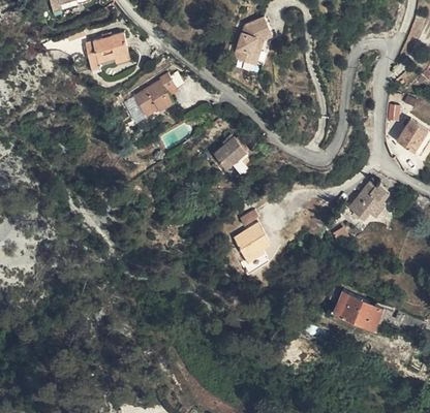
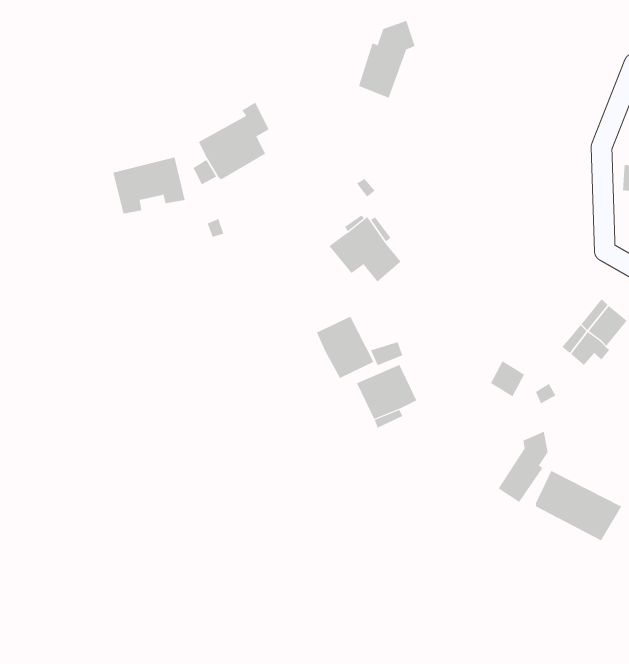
building: [87,36,130,70] -> [113,157,186,214]
building: none -> [316,316,374,379]
building: none -> [498,431,548,503]

